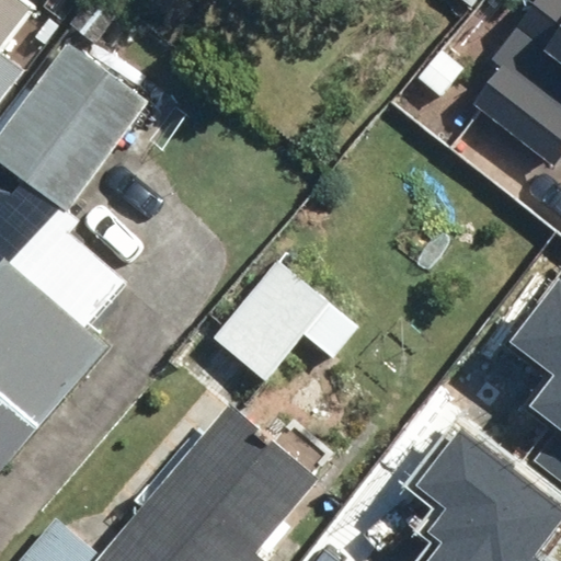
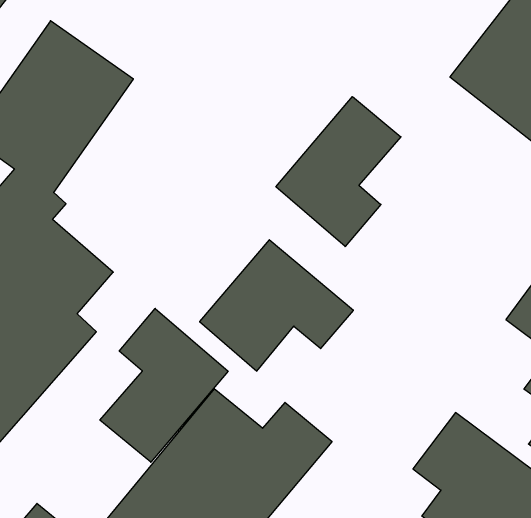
building: none -> [276,97,401,247]
building: none -> [100,308,228,462]

